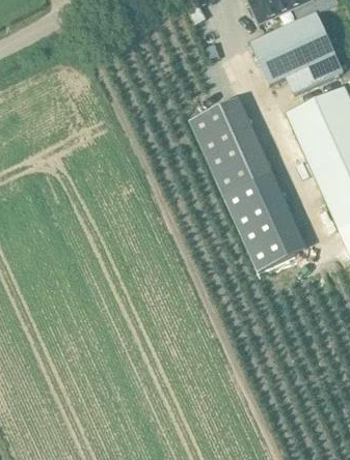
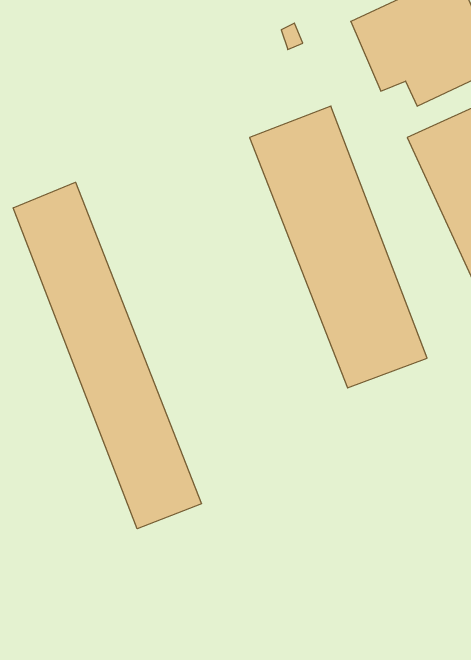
building: none -> [13,182,202,529]

